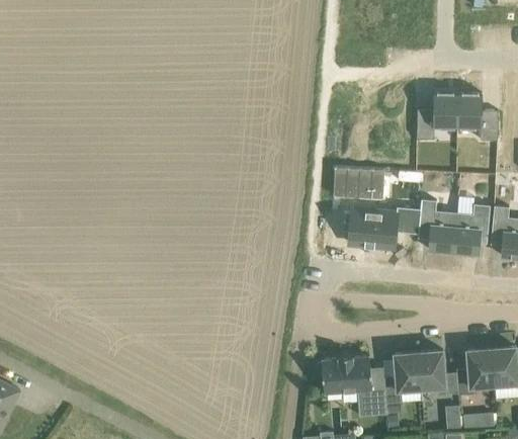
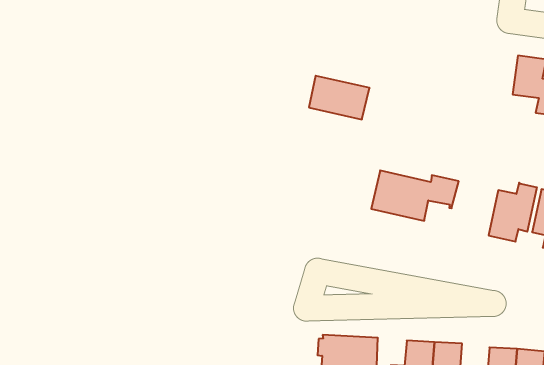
building: [417,92,457,140] -> none
building: [337,174,387,206] -> [309,76,370,119]
building: [418,199,456,253] -> none

